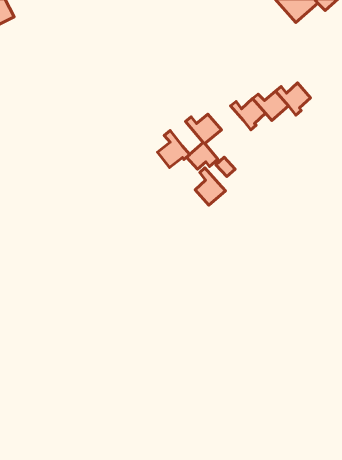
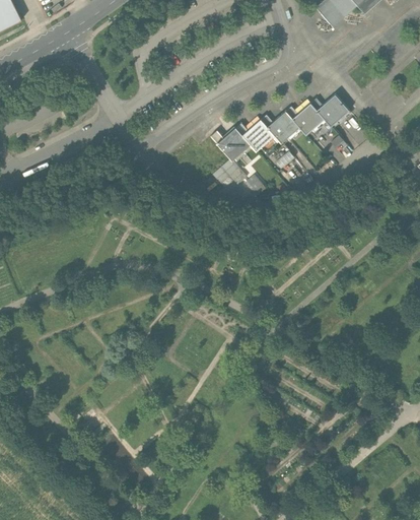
building: none -> [236,119,276,151]
building: [157,131,190,167] -> none
building: [195,168,225,205] -> none

